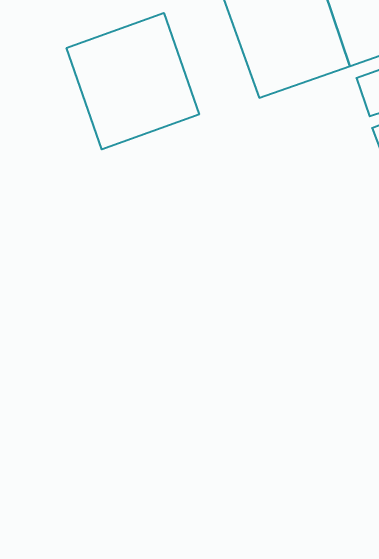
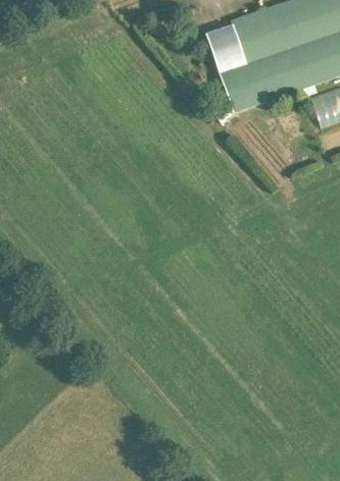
building: [67,13,199,149] -> none

